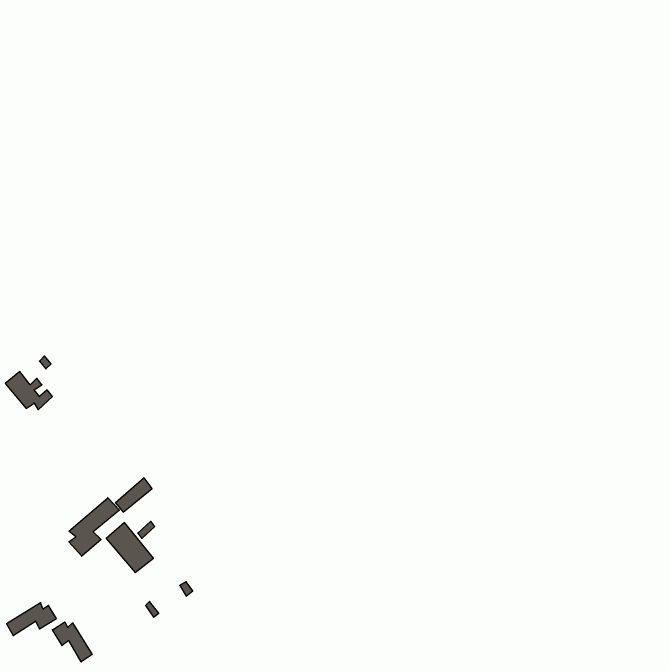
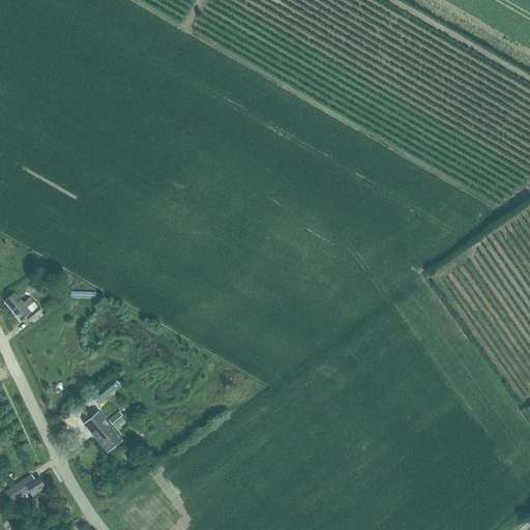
building: [69,498,119,556] -> none
building: [52,622,92,662] -> none

